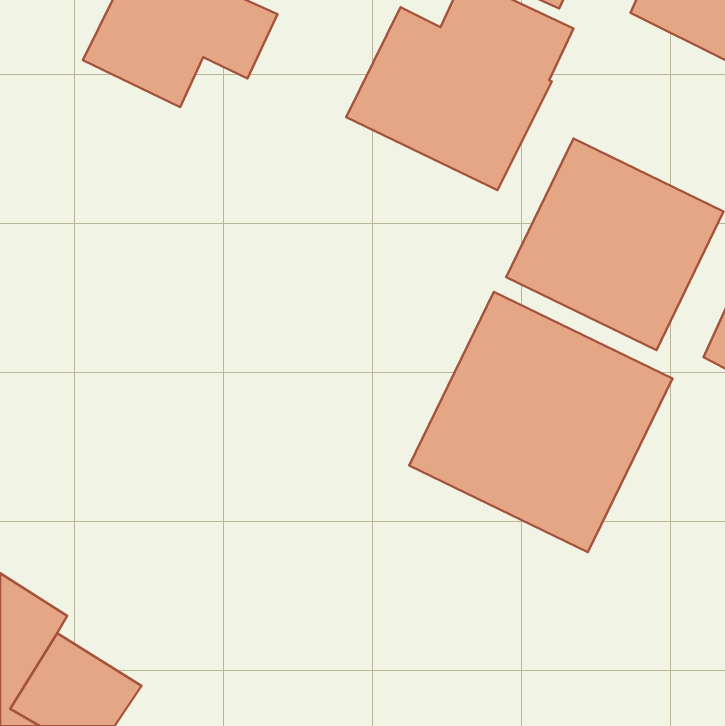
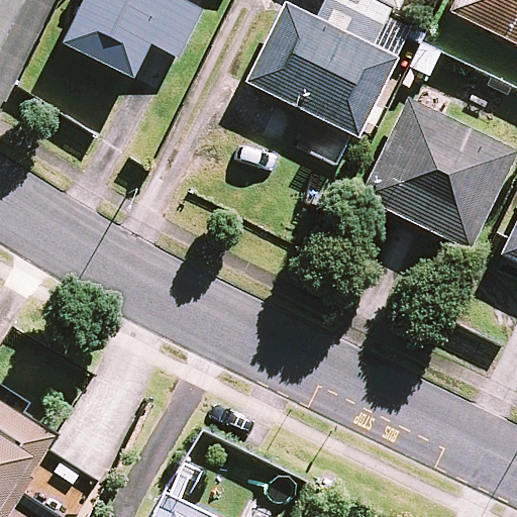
building: [409,292,672,552] -> none

